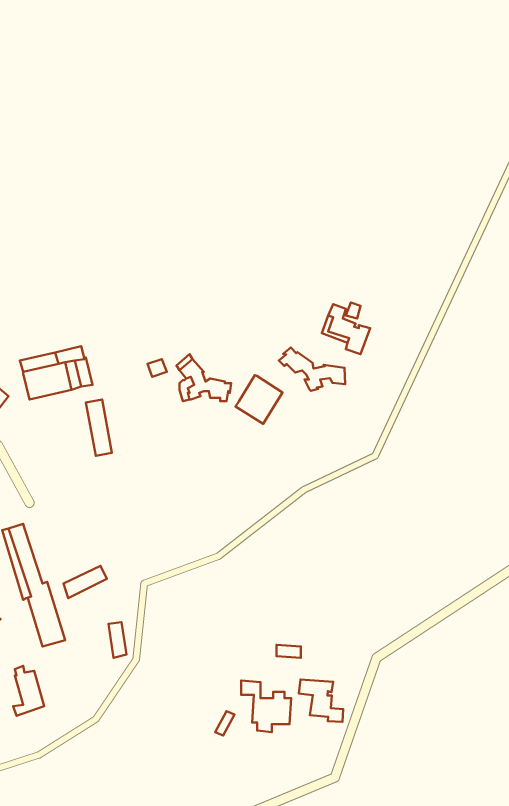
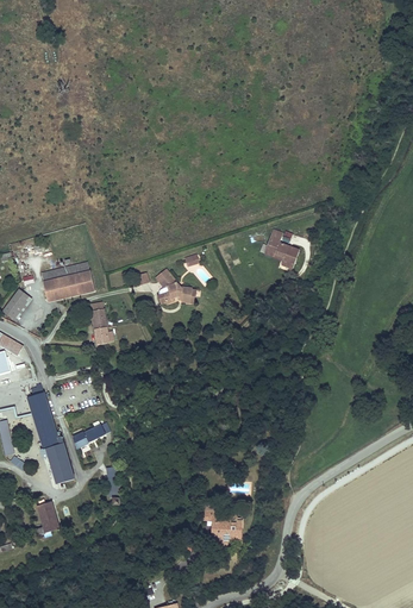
building: [279,348,345,391] -> none
building: [236,375,283,424] -> none
building: [299,680,343,722] -> none

